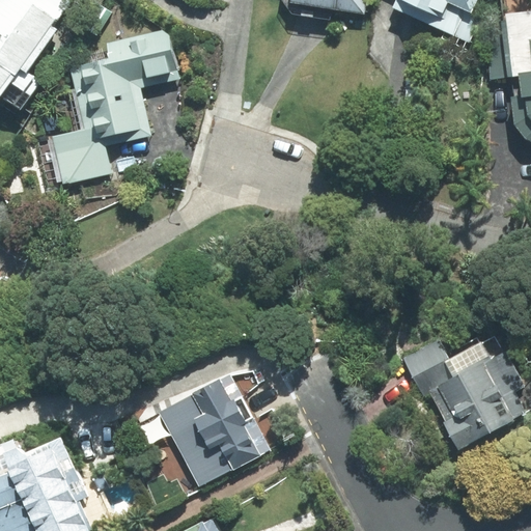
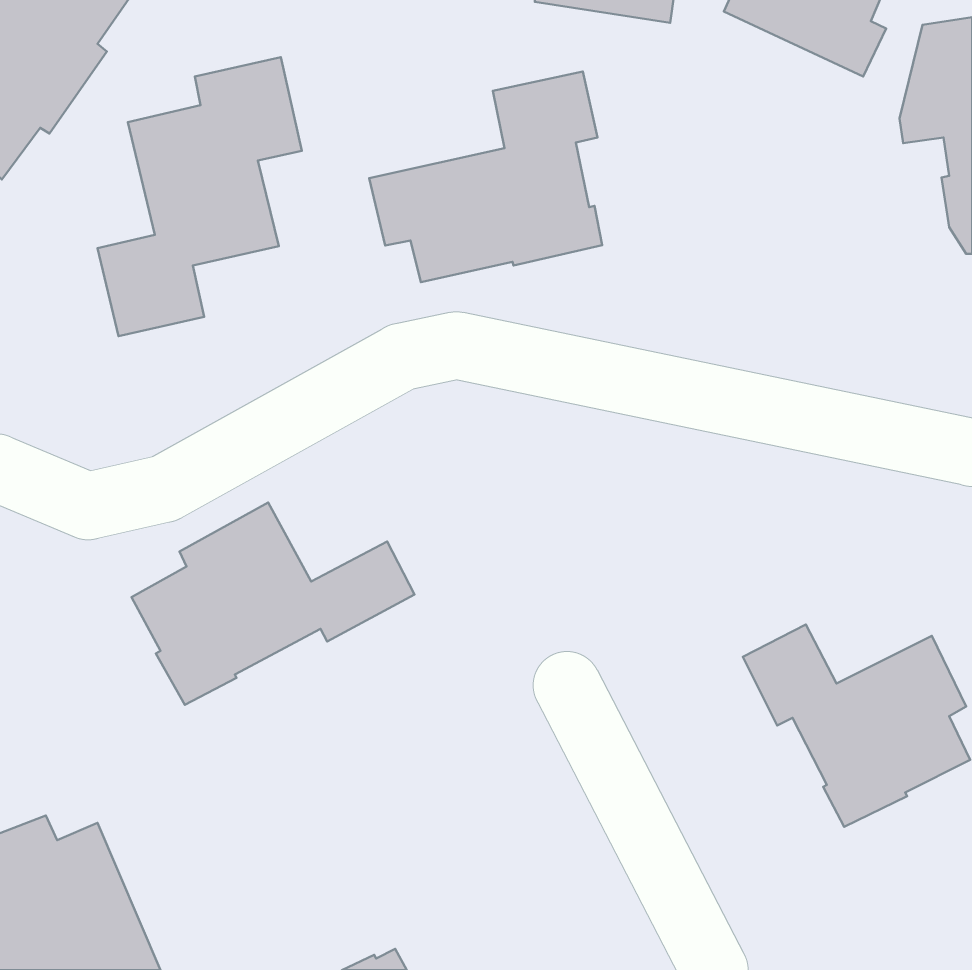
building: none -> [369,72,602,282]
building: none -> [131,502,415,705]
building: [161,373,272,486] -> none

